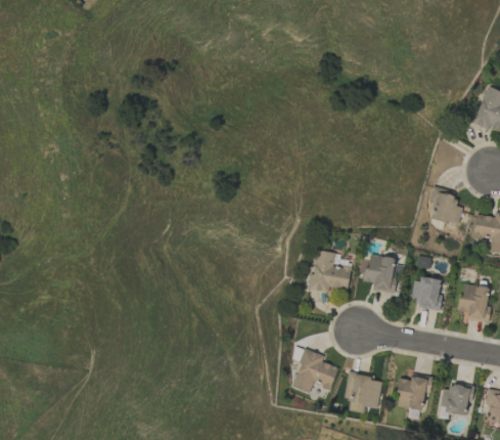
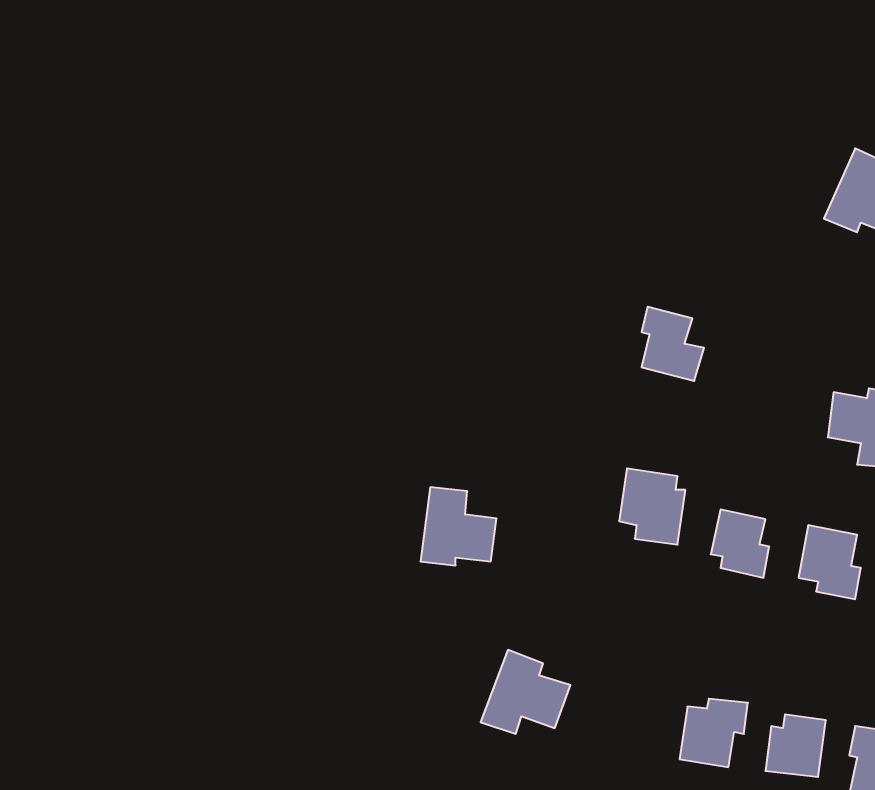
building: [430,186,463,225] -> [642,307,704,381]
building: [311,251,351,292] -> [420,487,497,565]
building: [345,373,382,413] -> none

